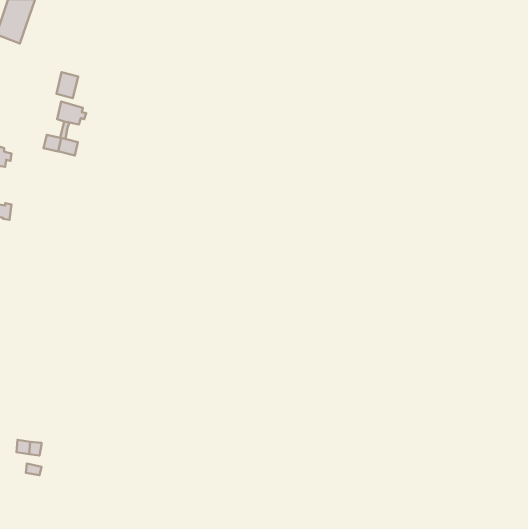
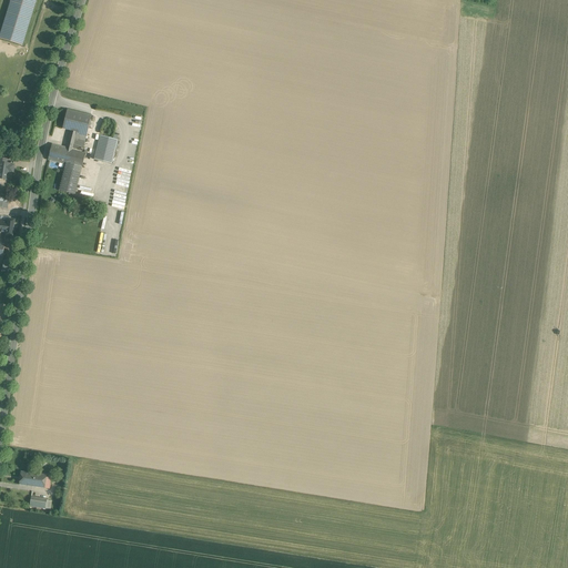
building: [56,72,78,98] -> [93,134,116,162]
building: none -> [57,162,80,193]

